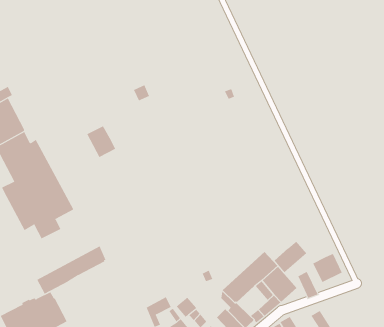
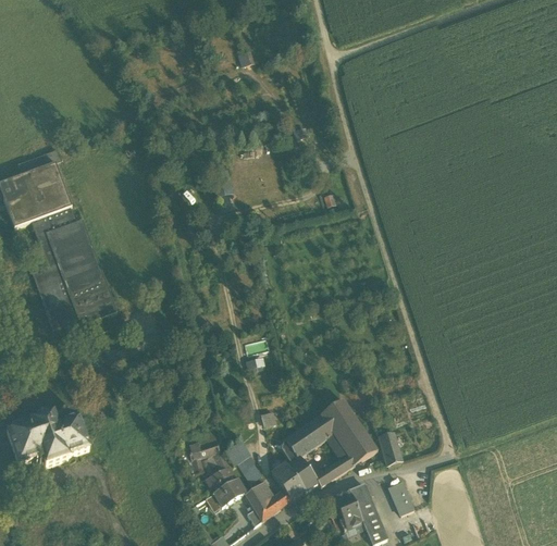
building: [86,125,116,158] -> none
building: [274,241,307,273] -> none
building: [37,246,106,295] -> none
building: [313,253,342,283] -> none

